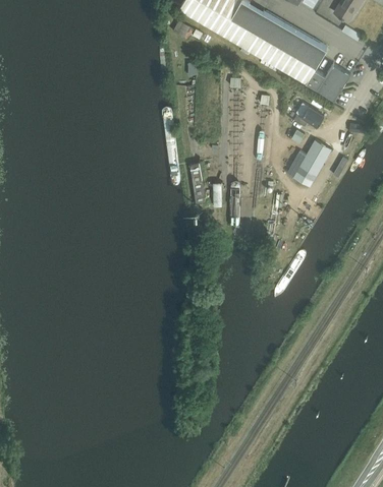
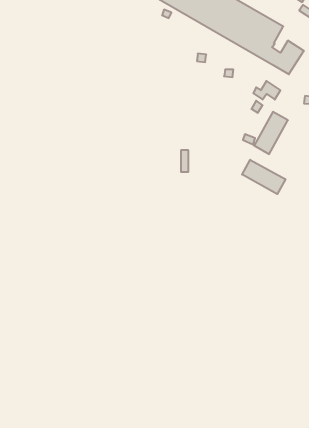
building: none -> [242,160,285,194]

